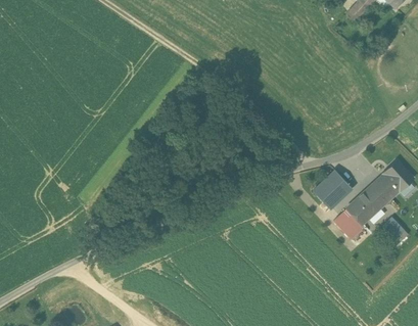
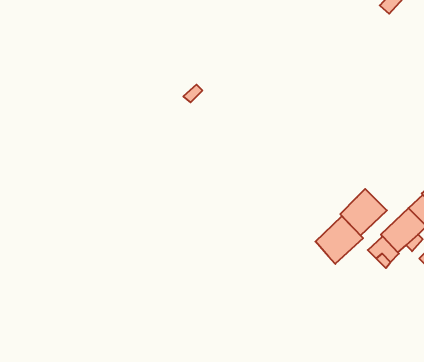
building: none -> [315,216,363,264]

